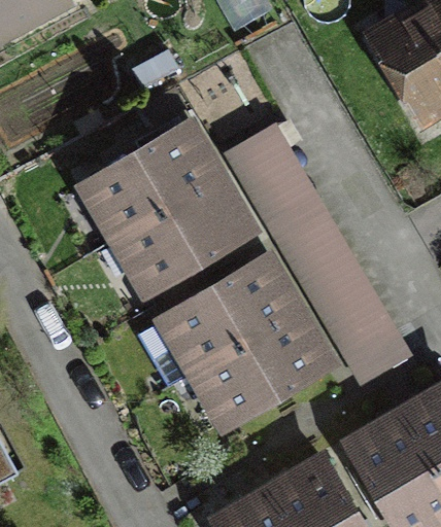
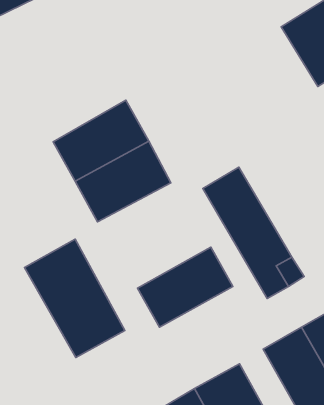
building: [225,126,308,217] -> none
building: [165,265,287,367] -> none
building: none -> [25,239,125,357]

